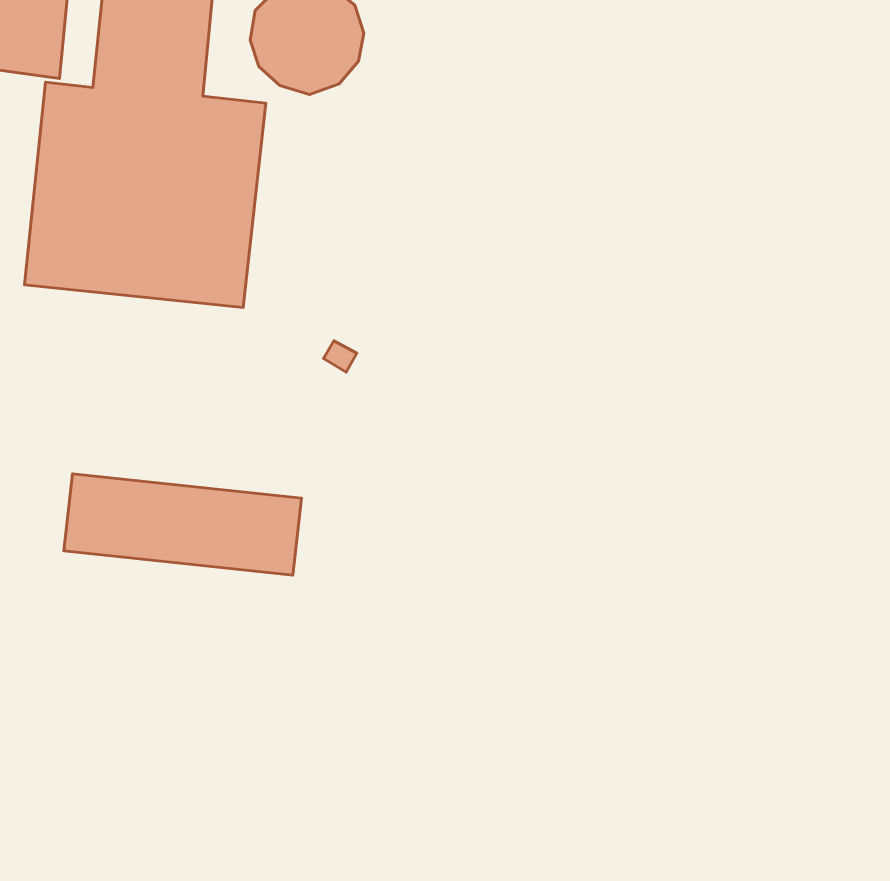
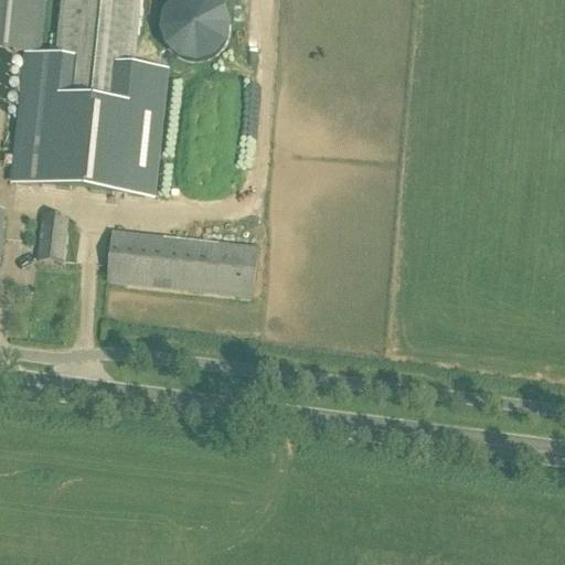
building: none -> [34,210,65,259]
building: [64,474,302,575] -> [106,228,256,292]

